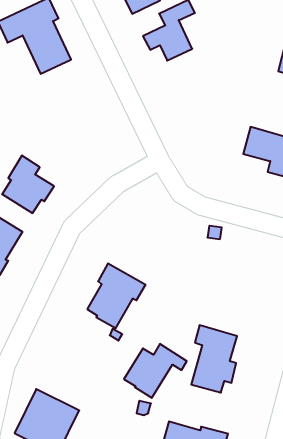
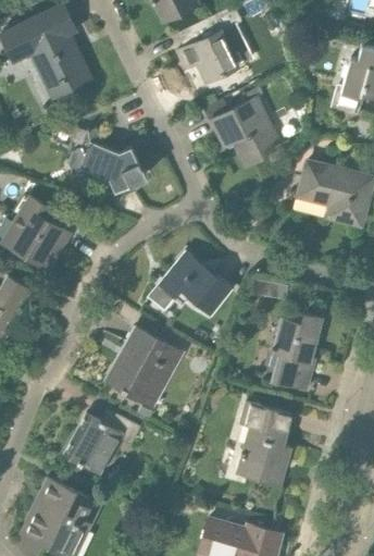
building: none -> [211,99,278,170]
building: none -> [72,129,146,193]
building: none -> [158,251,232,313]
building: none -> [272,314,322,390]
building: [124,344,187,398] -> [64,411,140,477]

